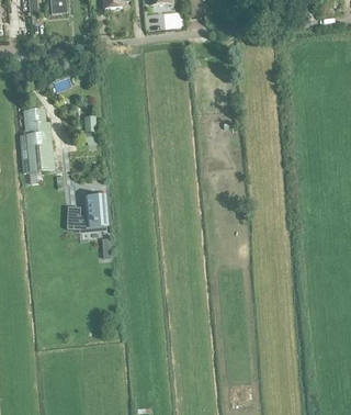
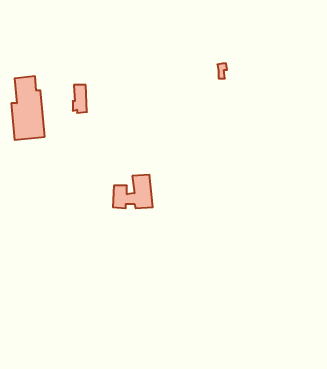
building: [66,197,106,231] -> [113,175,153,208]

